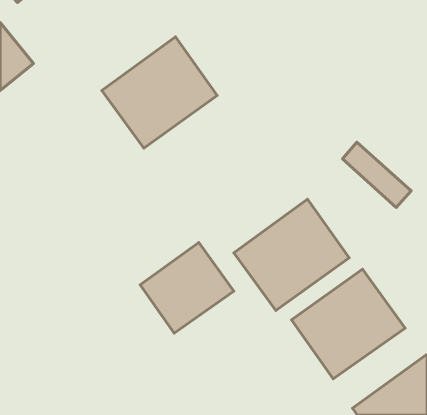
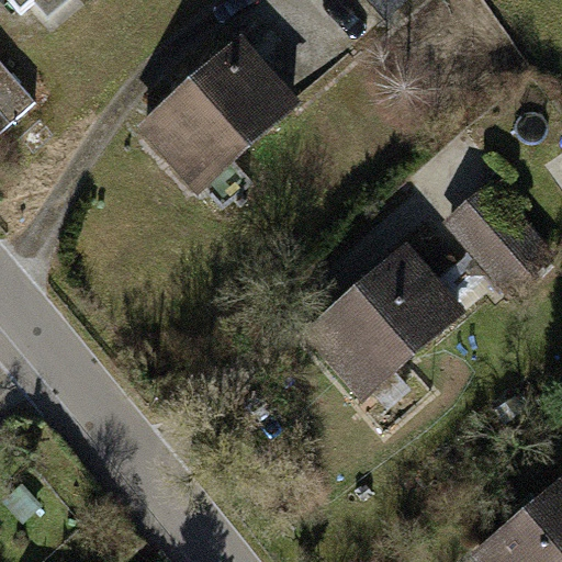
building: [140,243,234,333] -> none
building: [292,269,405,379] -> none

